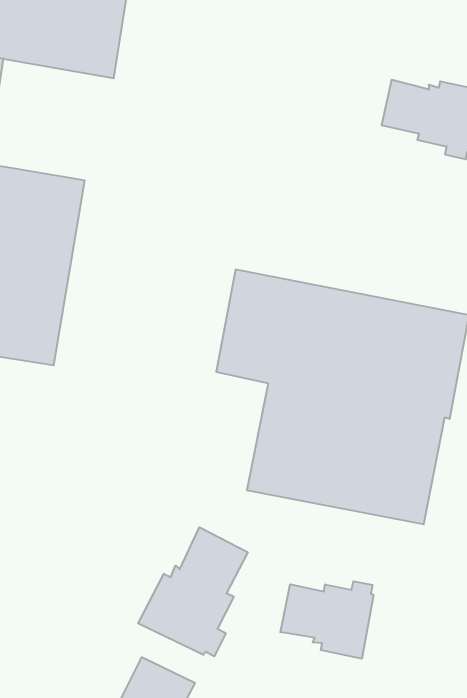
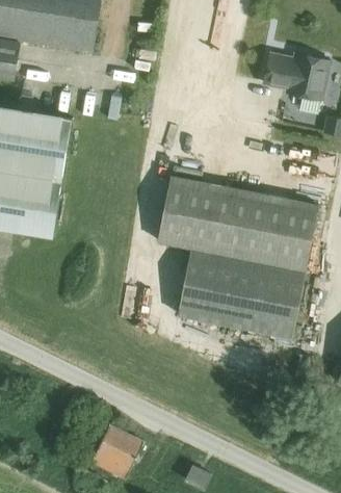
building: [138,527,248,656] -> none
building: [280,581,373,659] -> none

